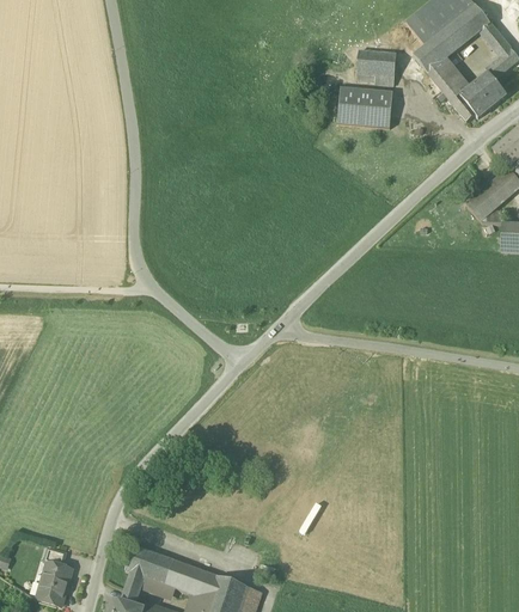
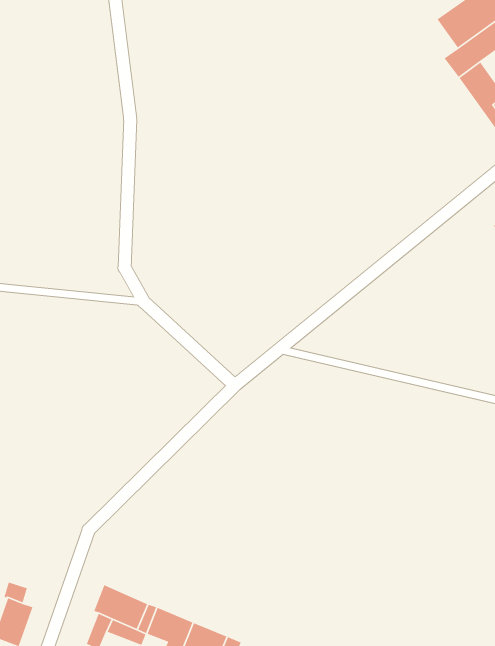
building: [358,50,397,76] -> none
building: [338,86,393,127] -> none

